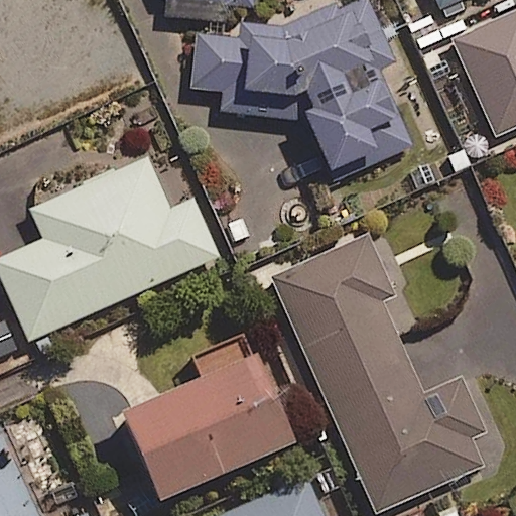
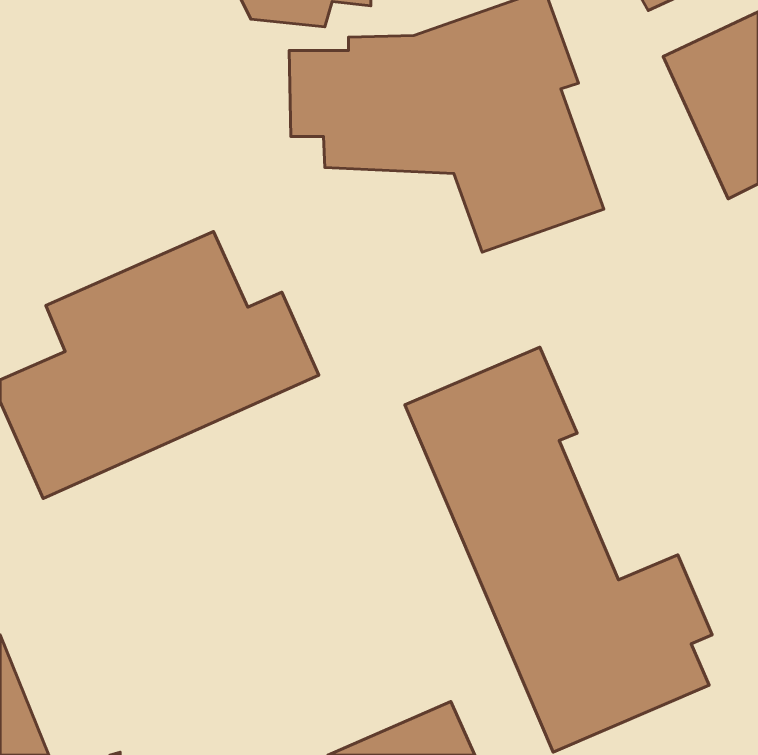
building: [120,355,292,501] -> none

